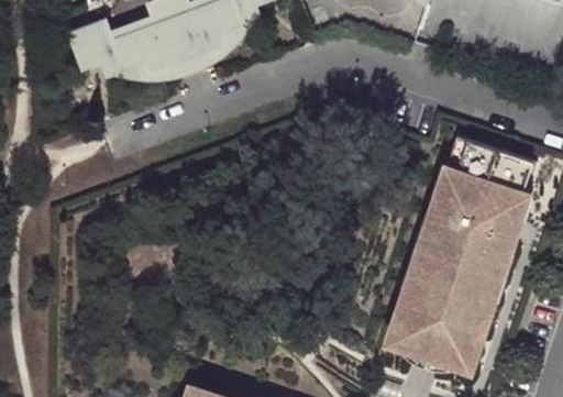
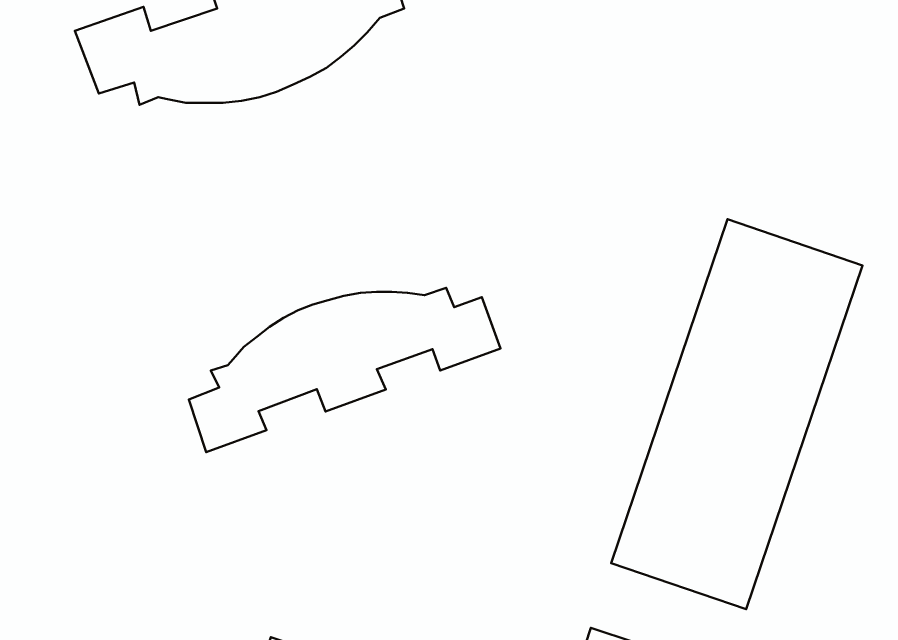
building: none -> [189,288,501,452]

